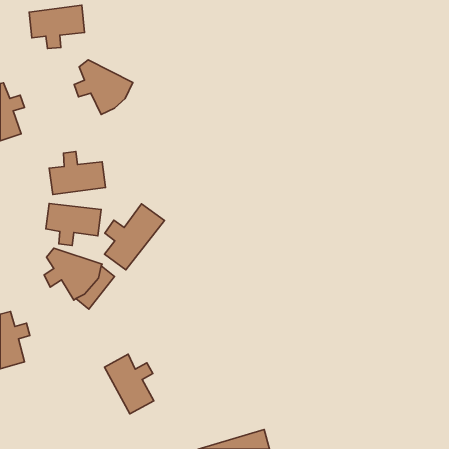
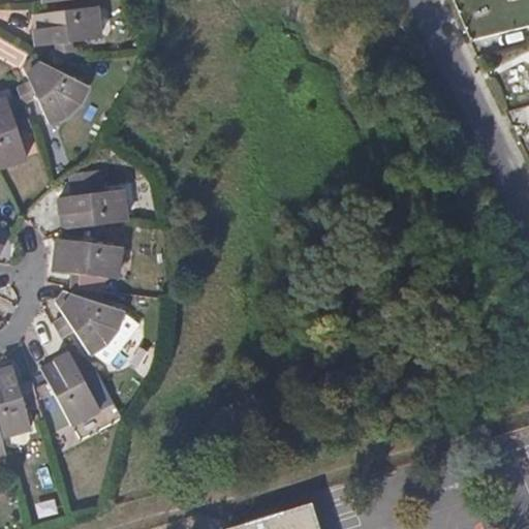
building: [74,60,133,114] -> [17,58,86,122]
building: [105,204,164,270] -> none
building: [104,354,154,414] -> [41,352,99,423]

